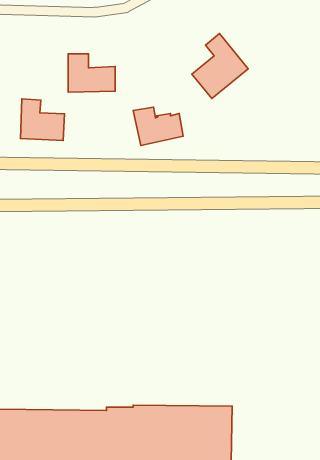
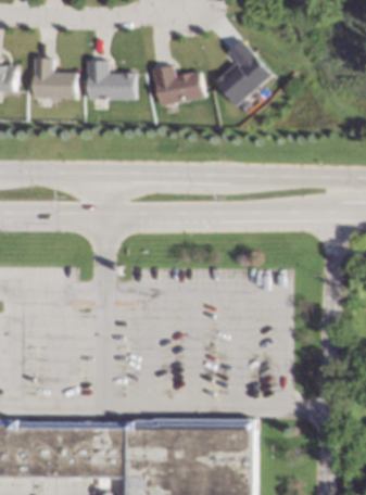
building: [21,99,64,141] -> [31,59,76,101]
building: [133,107,183,146] -> [152,67,203,106]

